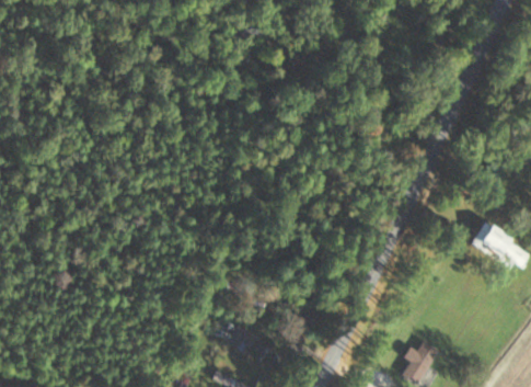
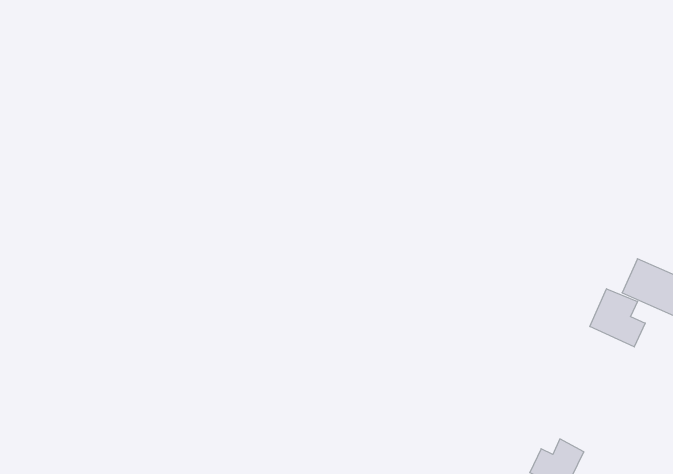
building: none -> [590,289,645,347]

